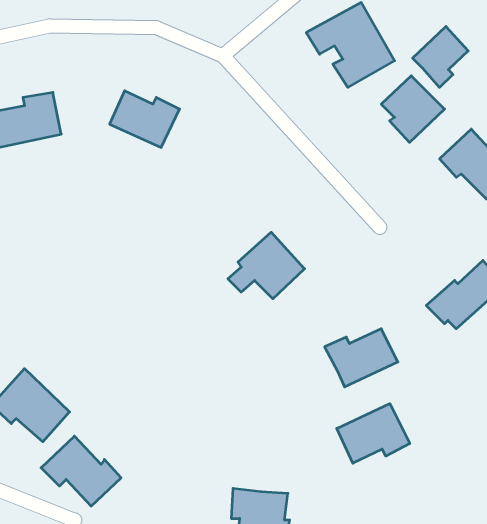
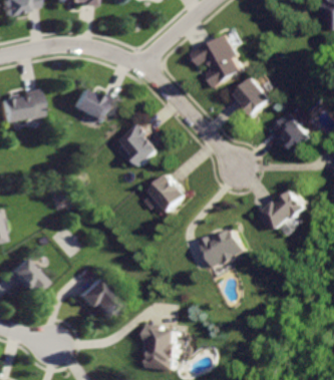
building: [413,26,468,87] -> none
building: none -> [120,124,161,166]
building: [337,404,410,463] -> none
building: [41,436,121,506] -> [79,278,127,320]

